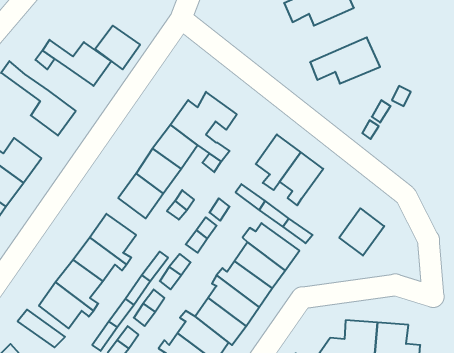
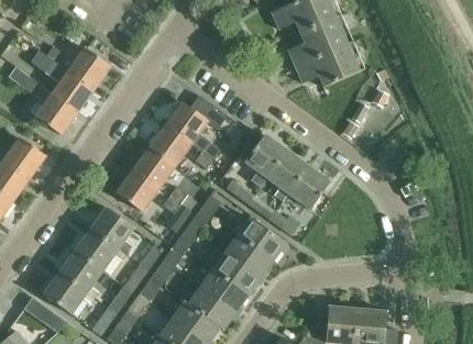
building: none -> [287,16,348,67]
building: [95,26,140,69] -> [52,71,94,112]
building: [339,208,384,256] -> [287,166,329,210]

